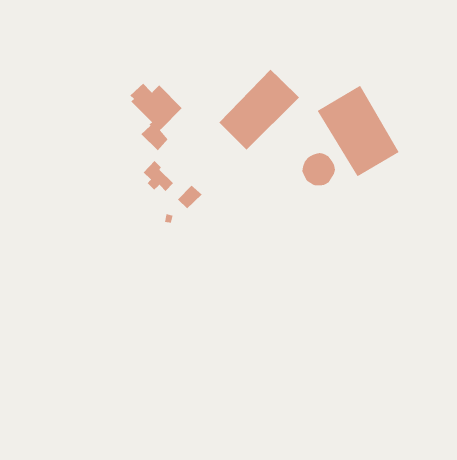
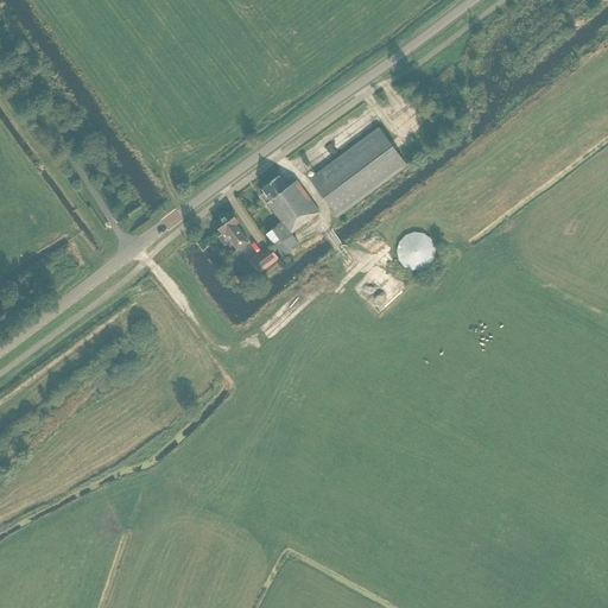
building: [130,83,182,151] -> [261,175,319,255]
building: [317,85,399,177] -> none

